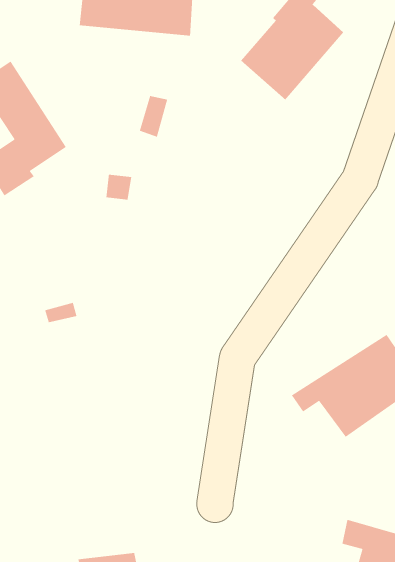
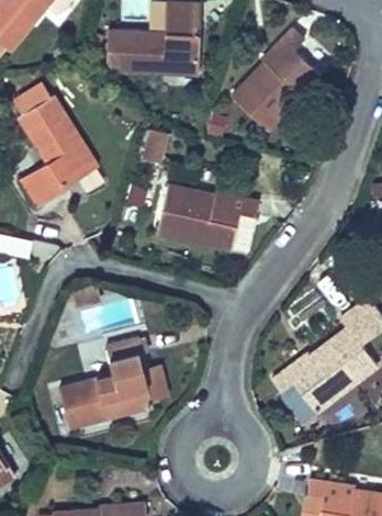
building: none -> [150,187,254,251]
building: none -> [61,341,154,433]

